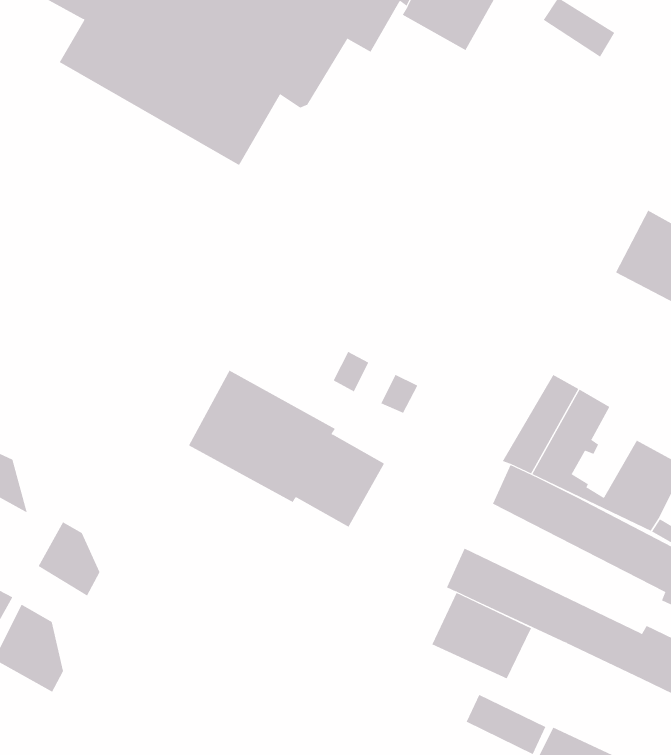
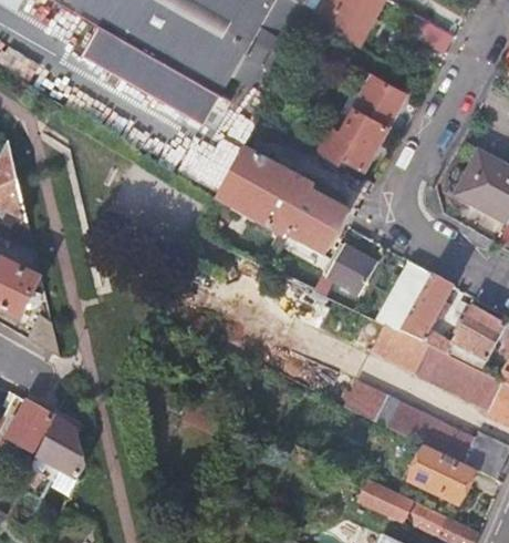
building: none -> [318,70,404,168]
building: none -> [328,245,375,296]
building: [188,370,385,527] -> [215,147,347,254]
building: [38,522,100,596] -> none
building: [432,592,532,679] -> [406,444,474,503]

